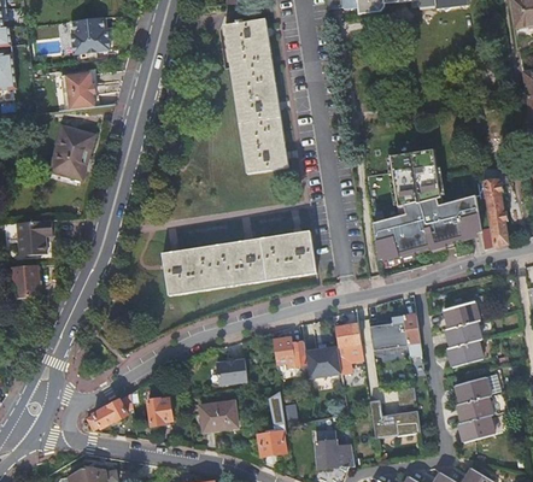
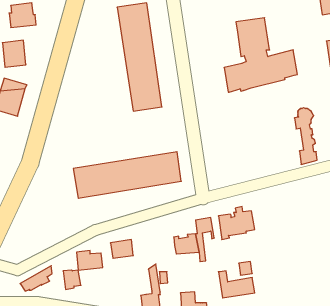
building: [373,152,478,258] -> [224,18,297,92]
building: [444,300,484,365] -> none
building: [273,337,306,366] -> none
building: [453,376,493,441] -> none
building: [200,402,238,430] -> [77,251,103,270]

